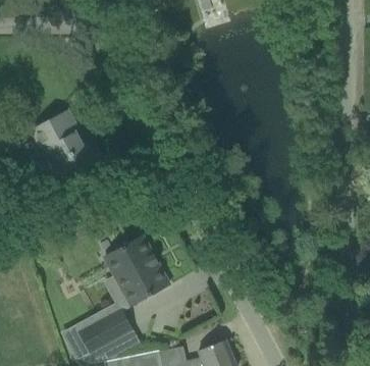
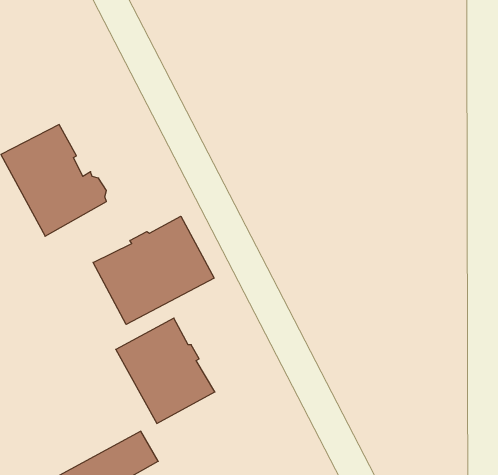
building: none -> [93,216,214,324]

